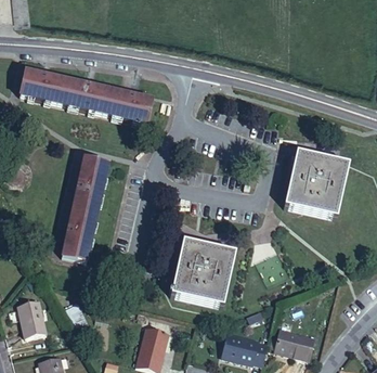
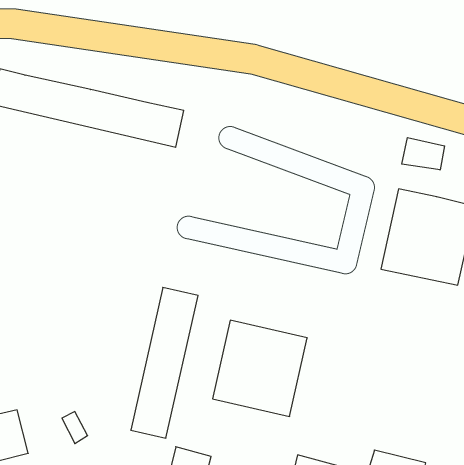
building: none -> [402,138,445,170]
building: [62,159,107,261] -> [131,287,198,438]

